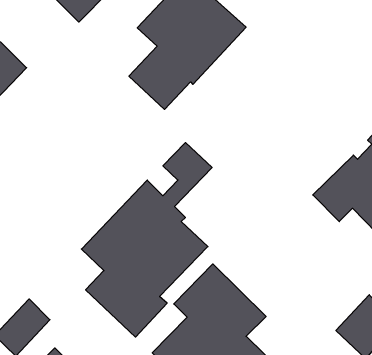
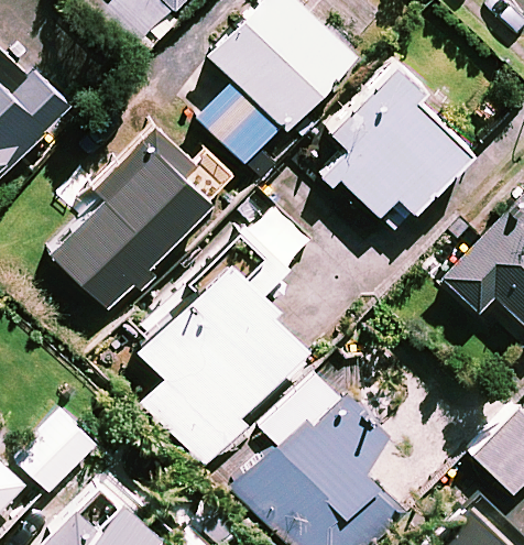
building: none -> [320,63,472,233]
building: none -> [52,124,209,309]

